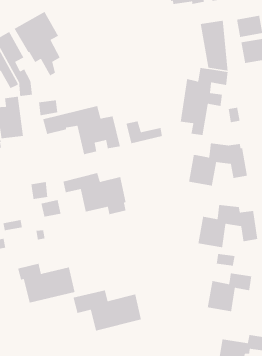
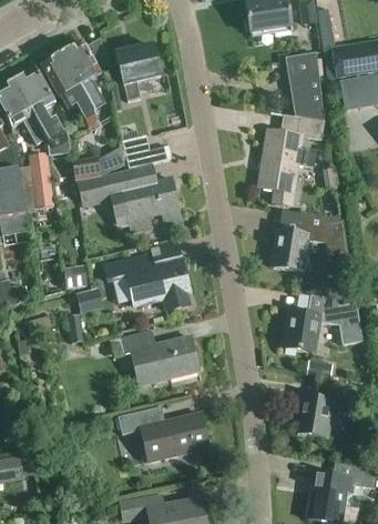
building: none -> [116,42,161,100]
building: [126,121,163,144] -> [123,135,172,167]
building: [17,263,75,304] -> [123,330,200,383]

